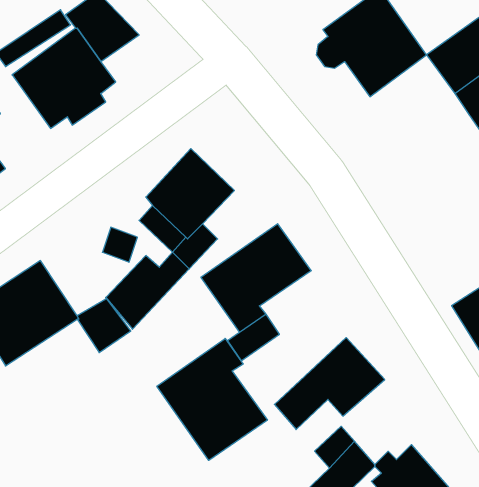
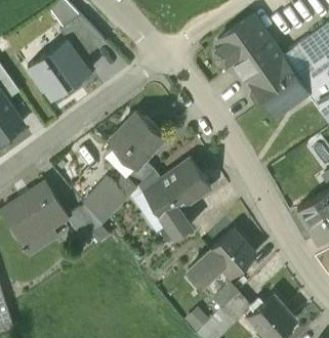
building: none -> [246,55,306,114]
building: [157,338,267,460] -> none

